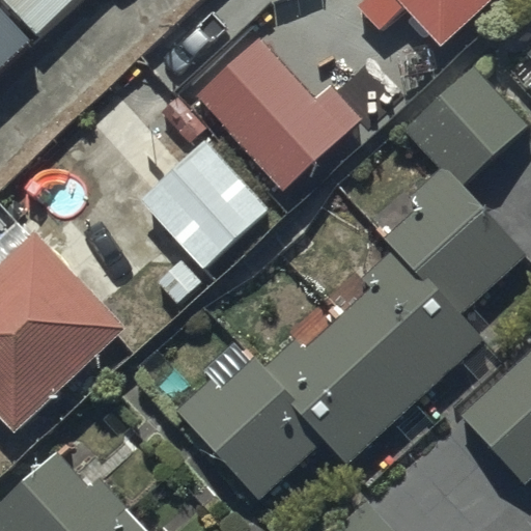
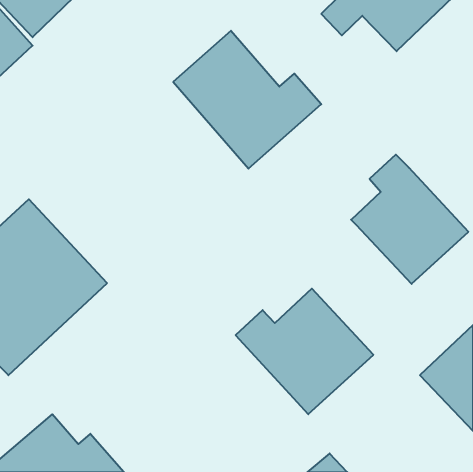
building: [404,71,522,187] -> none
building: [141,140,264,263] -> none
building: [347,250,478,395] -> none
building: [178,366,323,497] -> none

